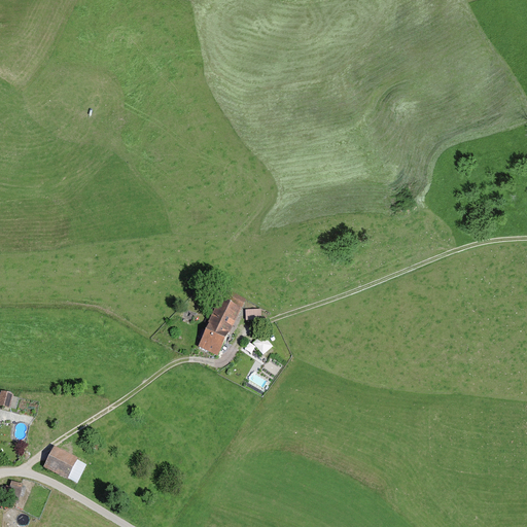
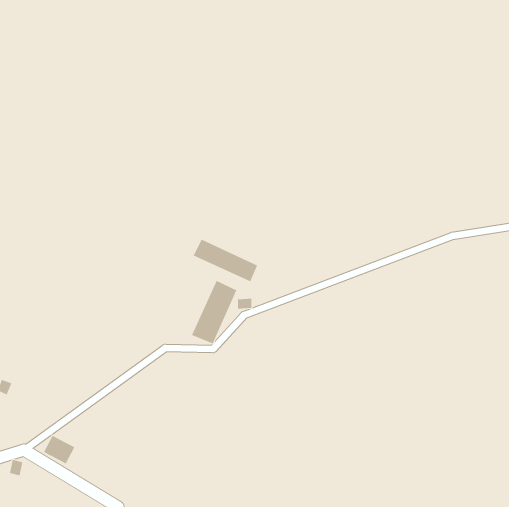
building: none -> [193,239,258,282]

